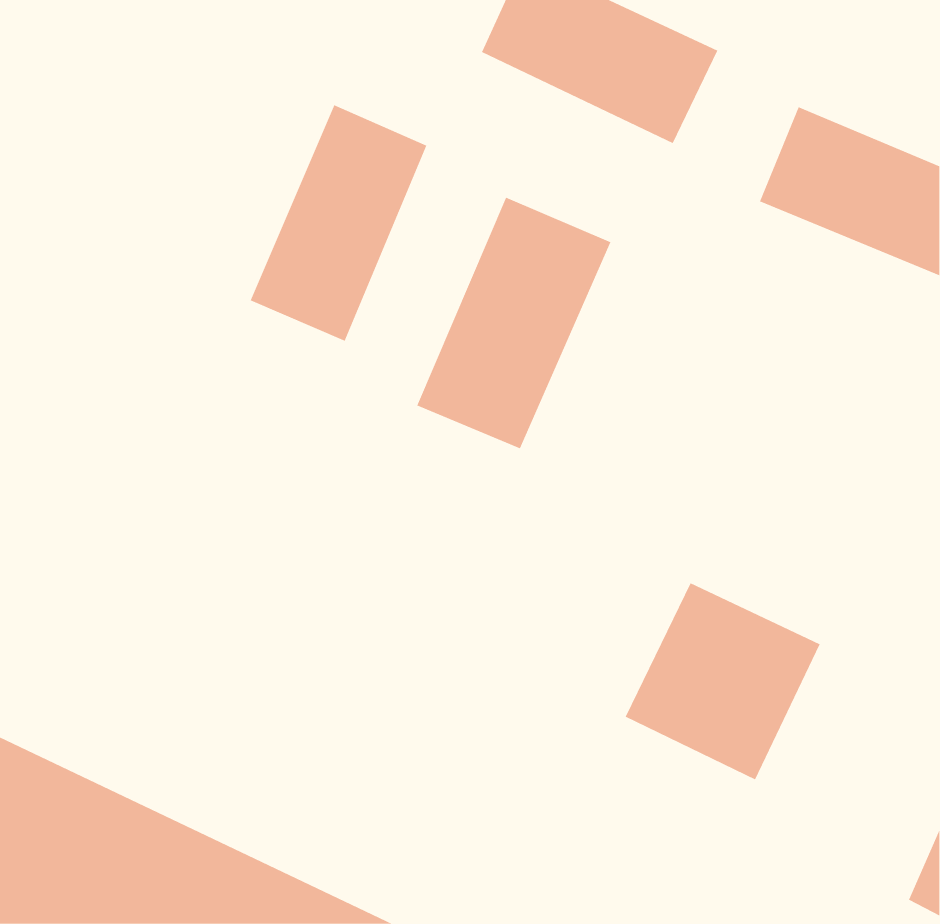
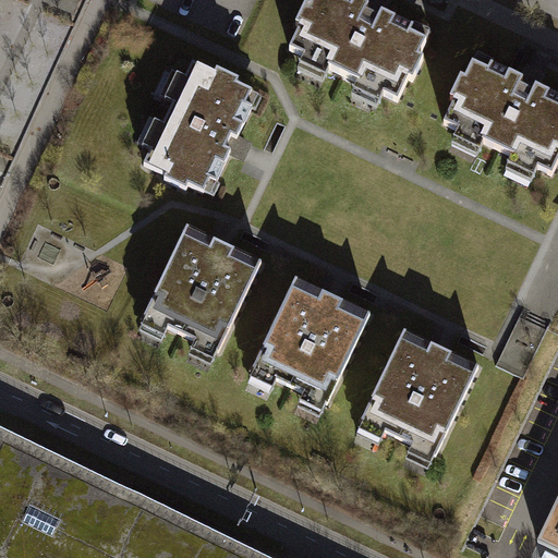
building: [417,197,611,449] -> none
building: none -> [146,232,260,348]
building: none -> [255,287,369,402]

